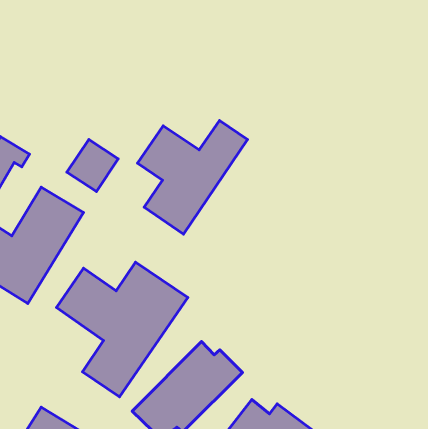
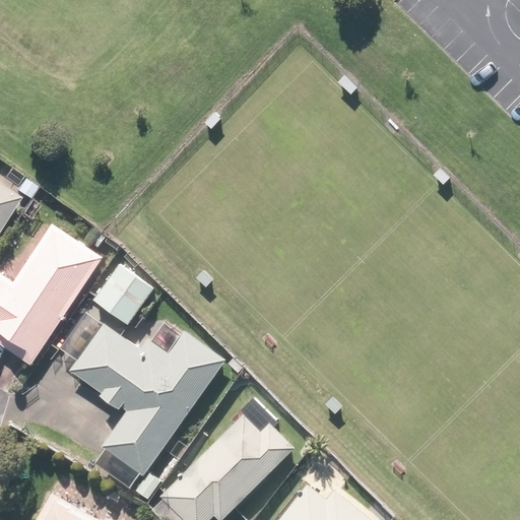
building: [138,121,247,234] -> none
building: [67,139,118,192] -> [90,265,152,328]

